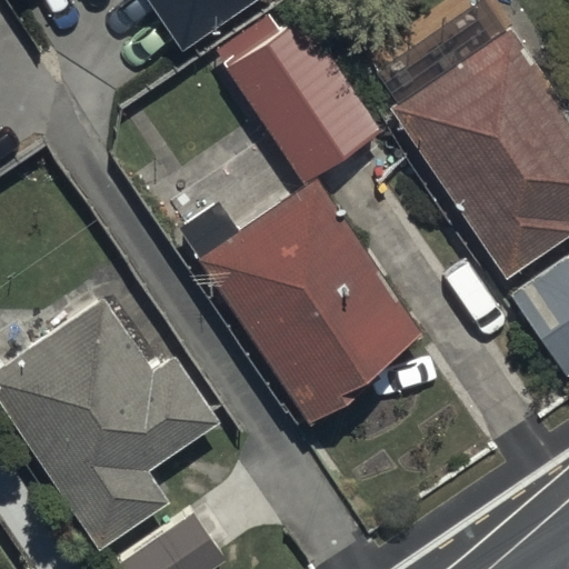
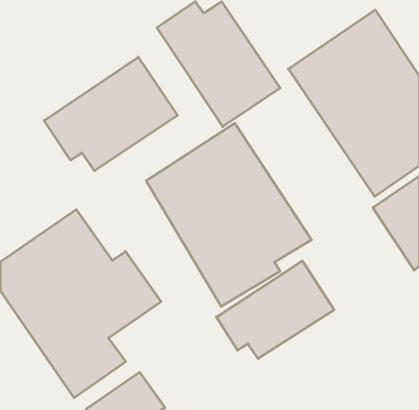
building: none -> [44,57,177,171]
building: none -> [216,261,334,359]

